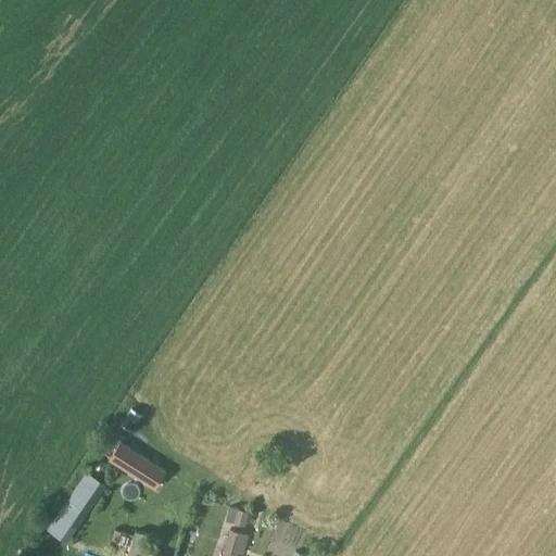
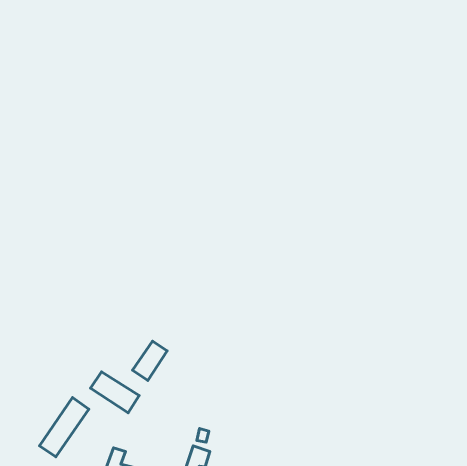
building: none -> [133,341,167,381]

